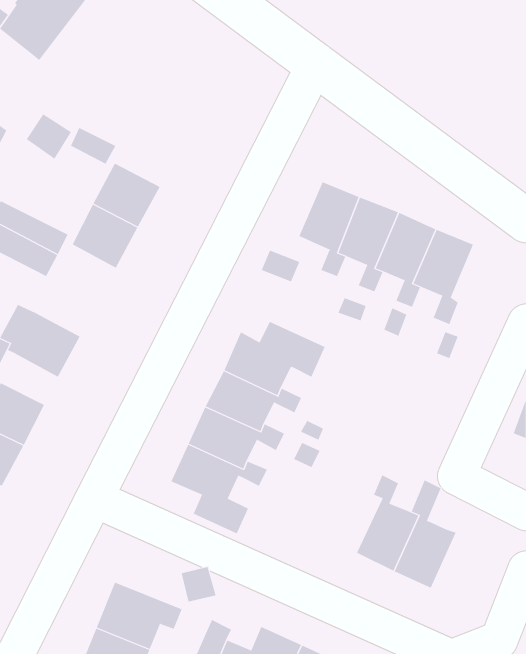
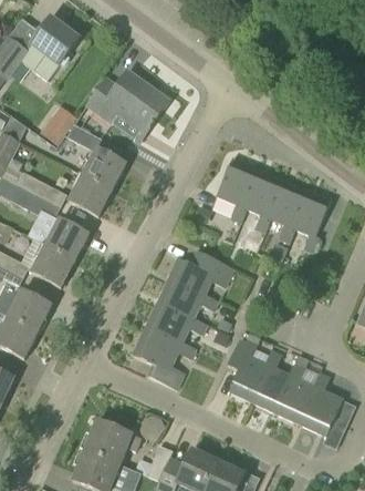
building: none -> [86,71,168,142]
building: none -> [45,218,88,260]
building: none -> [227,338,270,401]
building: none -> [302,372,355,436]

